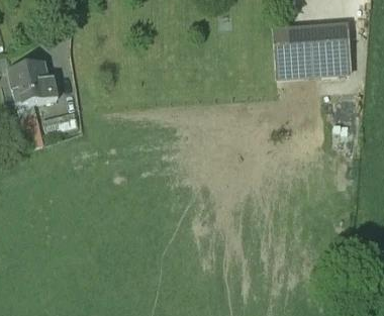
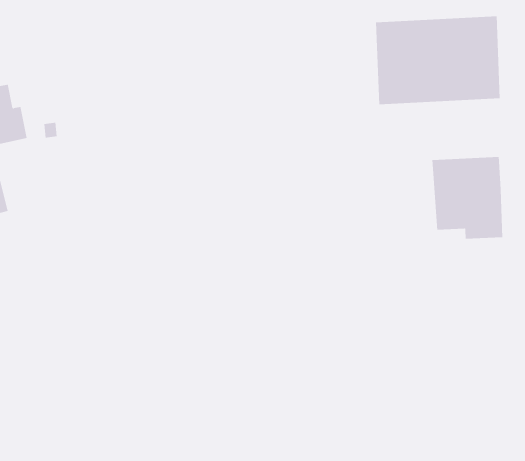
building: none -> [432,156,503,240]

